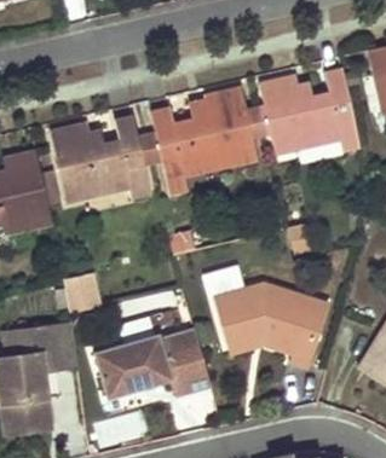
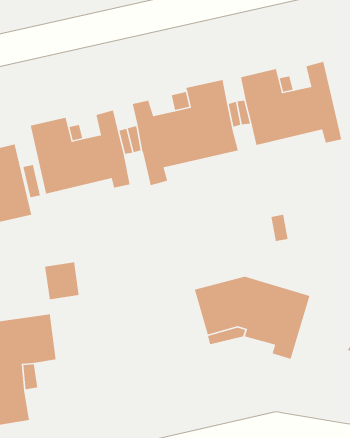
building: [92,326,211,395] -> none

